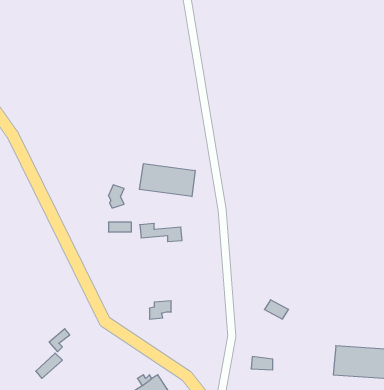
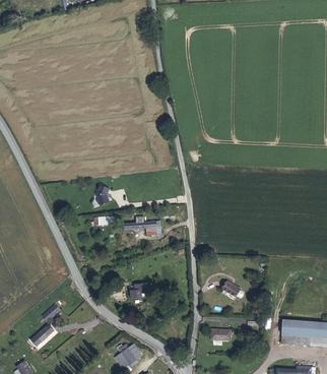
building: [139,164,195,197] -> none

